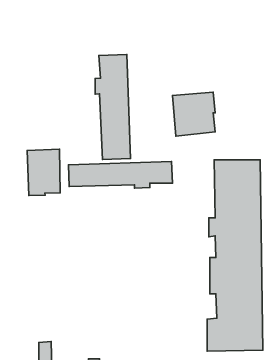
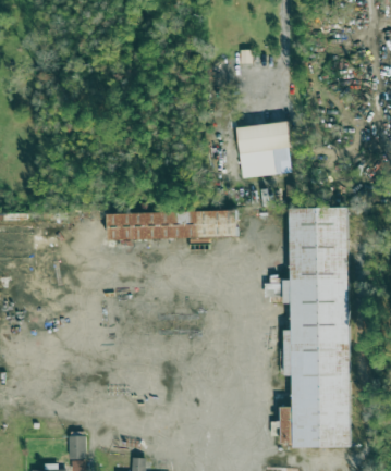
building: [95,55,130,159] -> none
building: [27,149,60,196] -> none

